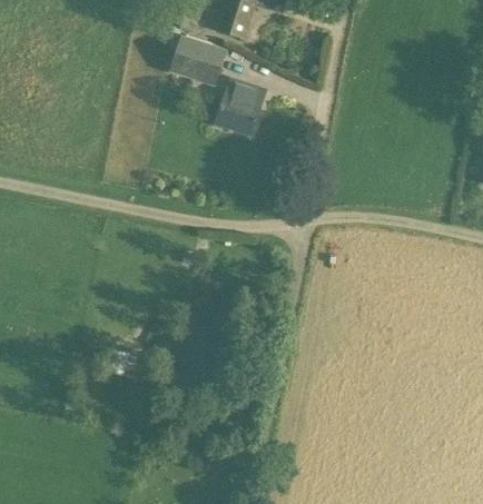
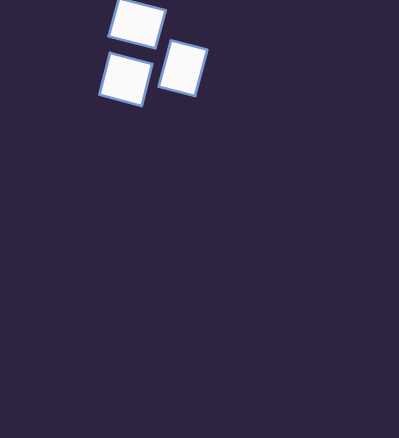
building: none -> [99,53,152,106]

